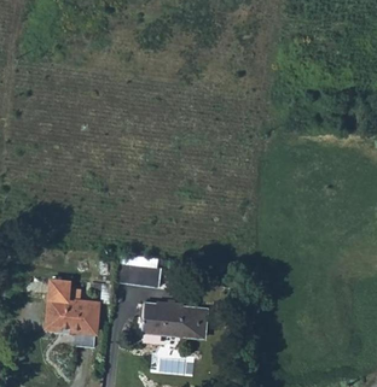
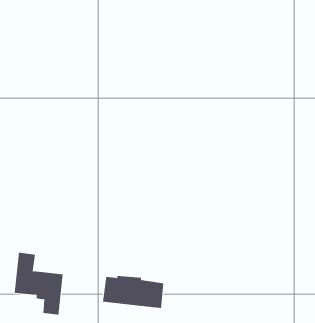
building: [117,262,162,286] -> none

